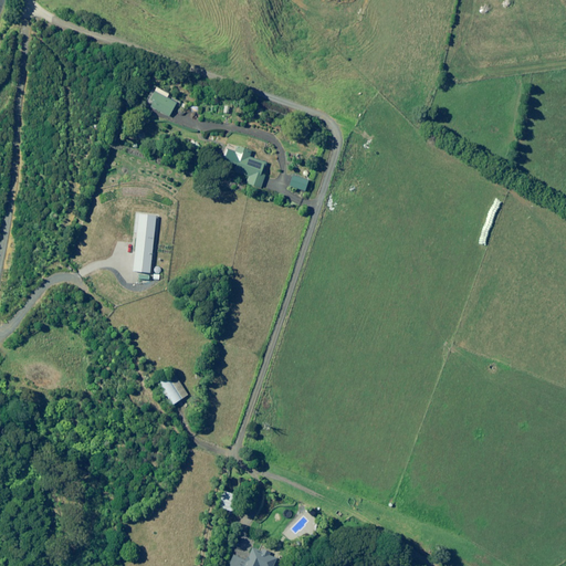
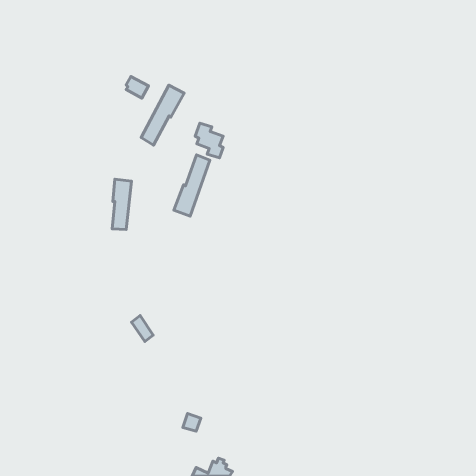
building: none -> [141,85,184,145]
building: none -> [174,155,210,216]

